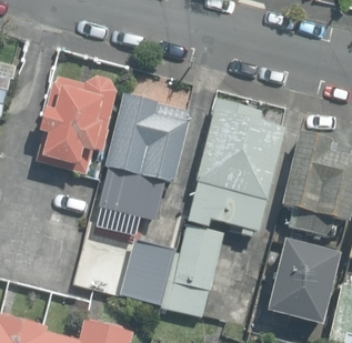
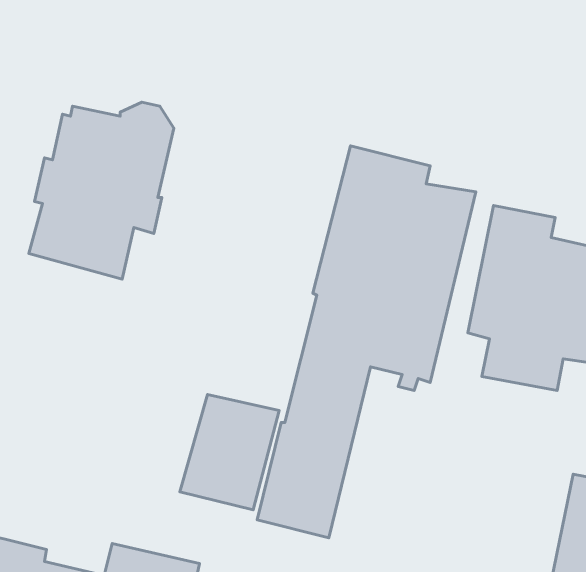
building: [100,92,190,223] -> none
building: [264,241,338,325] -> none

